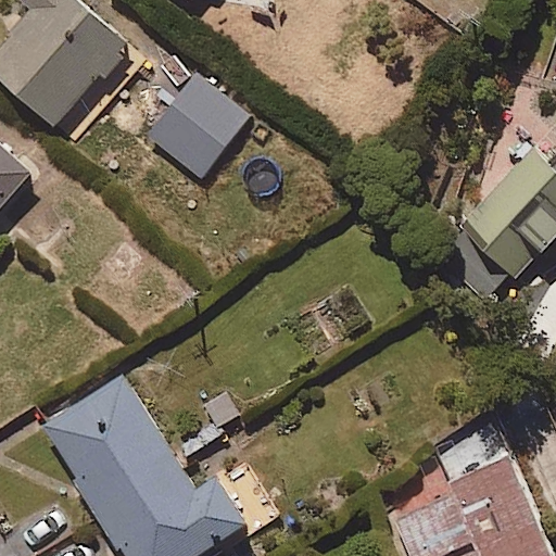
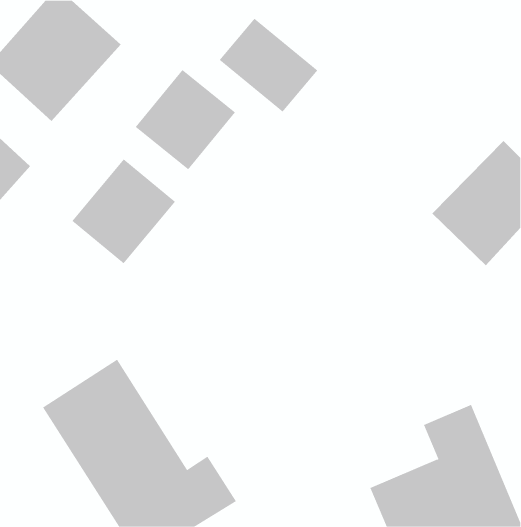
building: none -> [219,18,318,113]
building: none -> [72,159,176,264]

